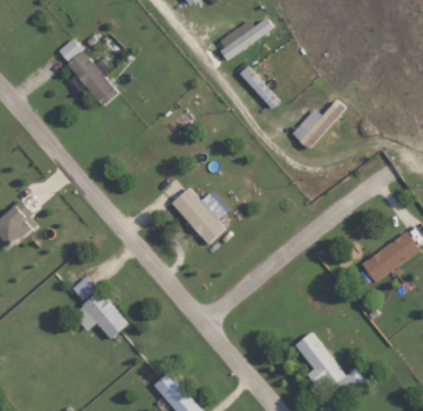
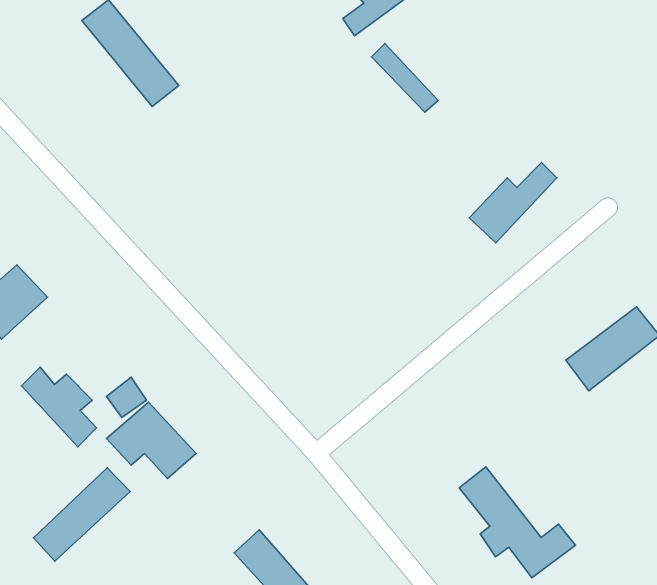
building: [291,98,346,149] -> [469,163,557,243]
building: [171,187,225,243] -> none
building: none -> [21,367,97,447]
building: none -> [34,468,130,561]

